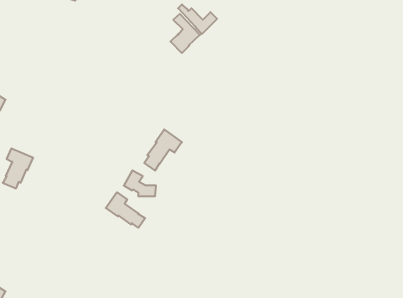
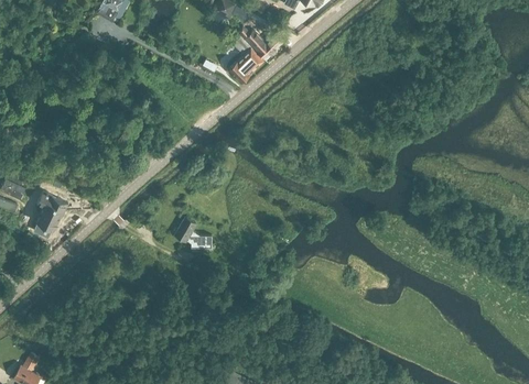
building: [144,129,182,171] -> none
building: [106,192,145,228] -> none

